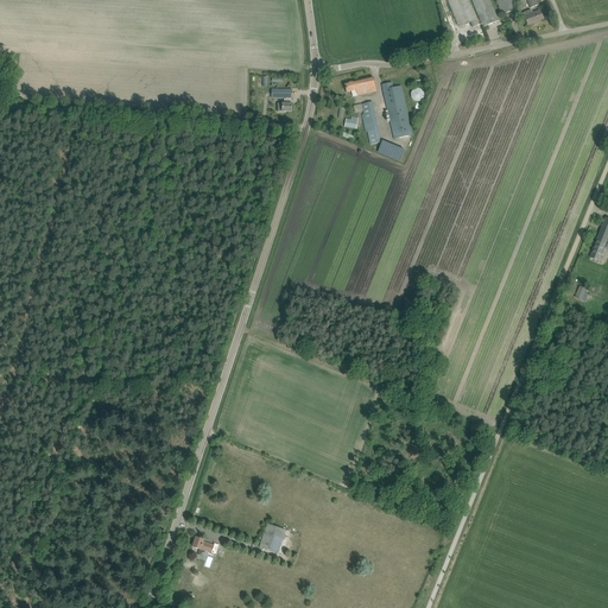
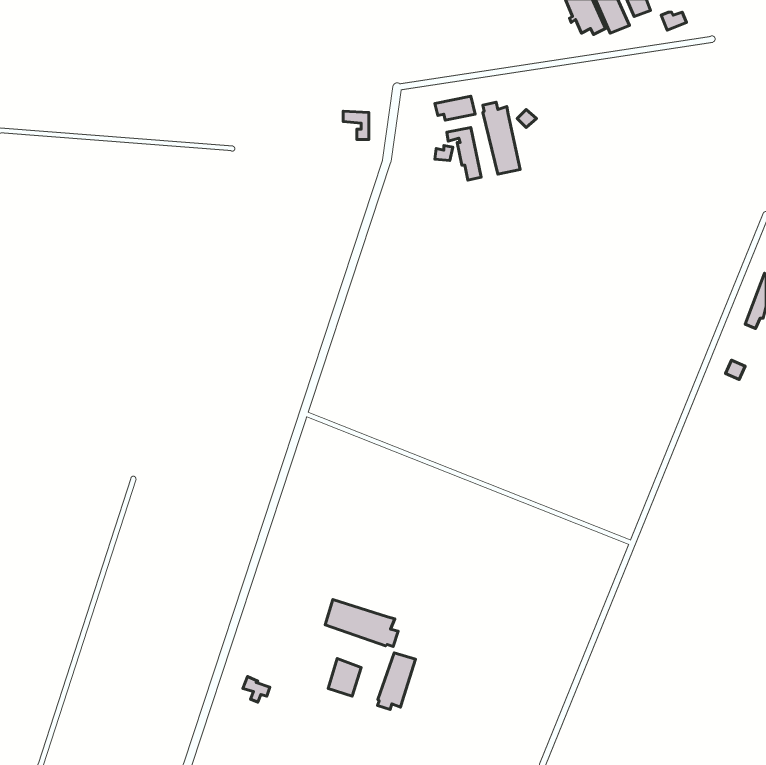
building: none -> [325,600,398,646]
building: none -> [378,653,415,710]

